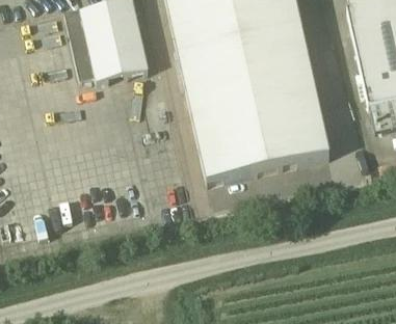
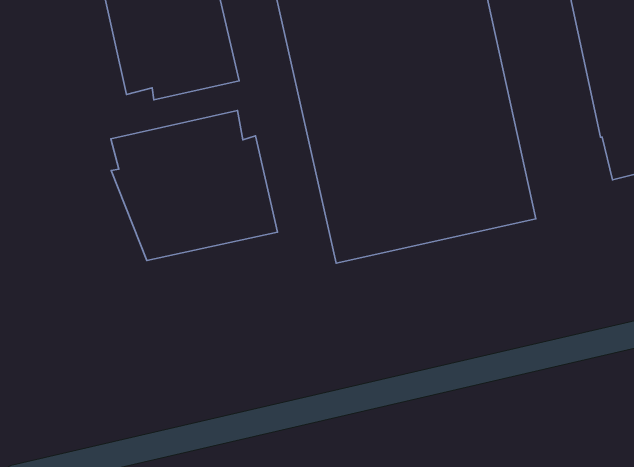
building: none -> [111,110,277,260]

